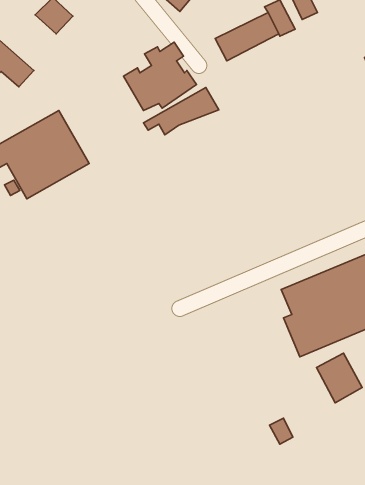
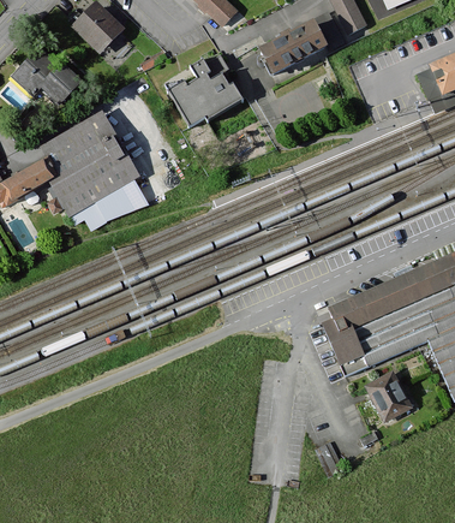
building: [143,88,219,135] -> [70,179,146,227]

